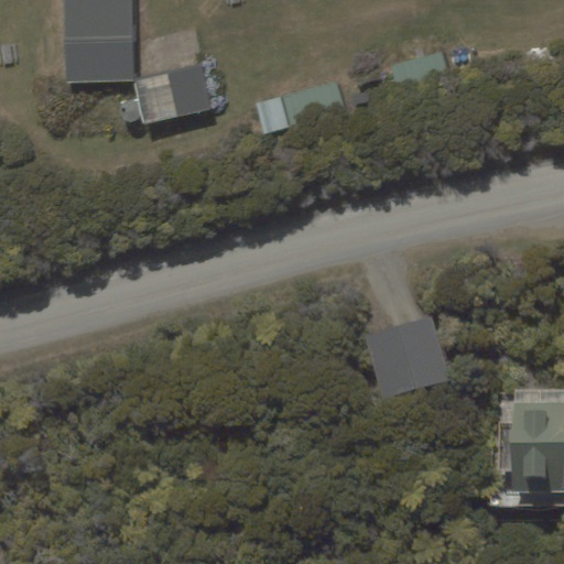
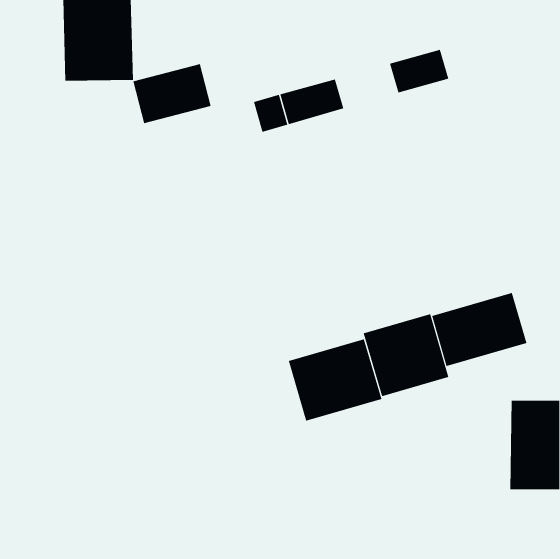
building: none -> [431,292,527,367]
building: none -> [288,338,382,422]

